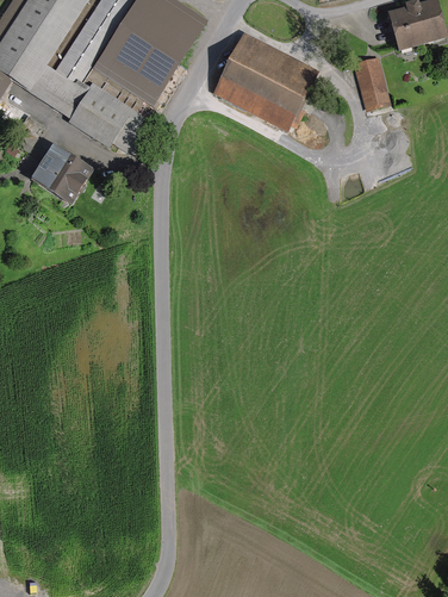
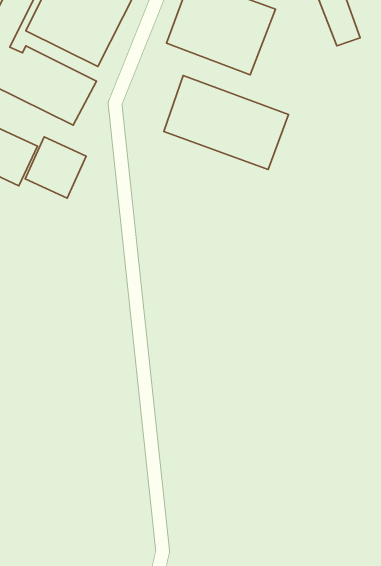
building: none -> [164,76,289,169]
building: none -> [25,137,86,198]

